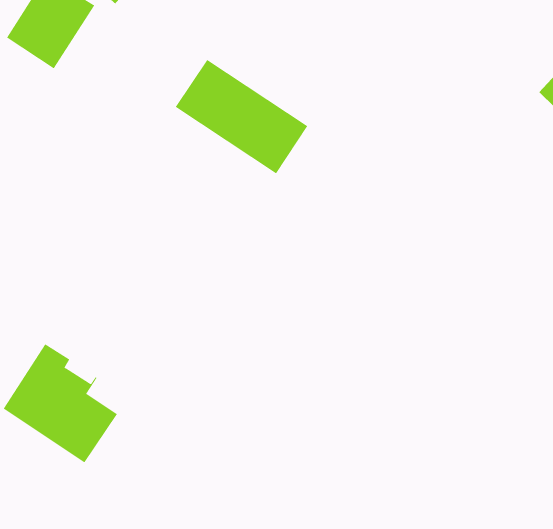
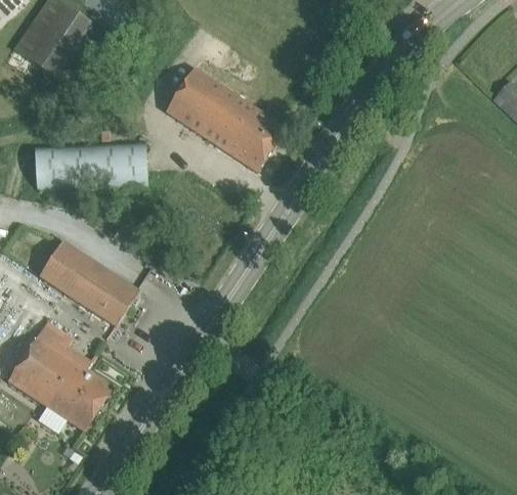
building: none -> [34,130,145,189]
building: none -> [41,241,139,326]

